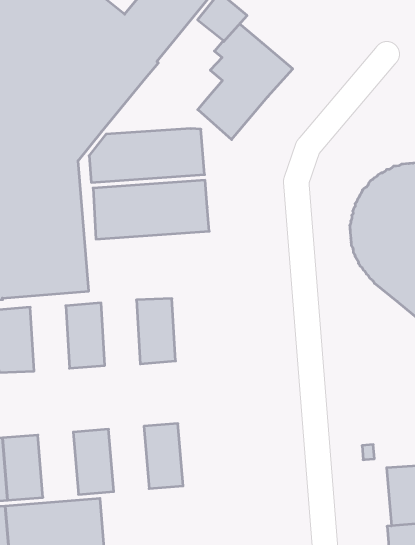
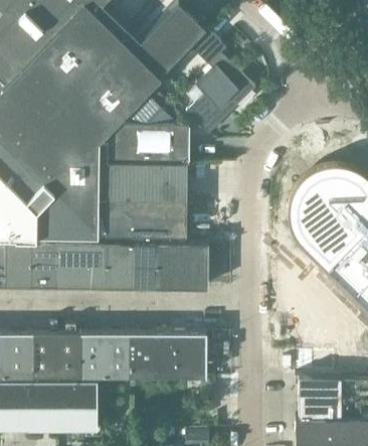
building: none -> [117,90,180,128]
building: none -> [107,200,187,238]
building: none -> [156,247,207,292]
building: none -> [106,246,132,291]
building: none -> [55,245,81,290]
building: none -> [154,335,205,380]
building: none -> [105,335,130,380]
building: none -> [54,335,79,380]

